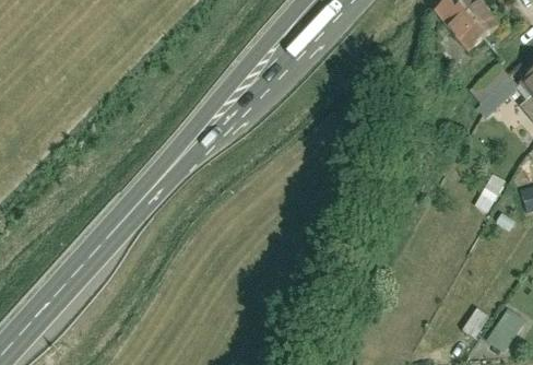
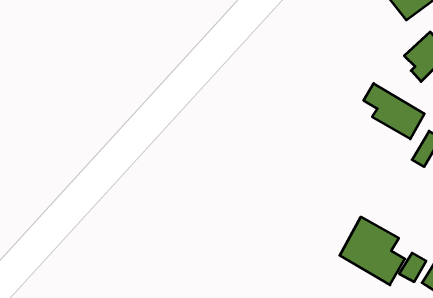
building: none -> [364,83,424,139]
building: none -> [340,217,405,285]

